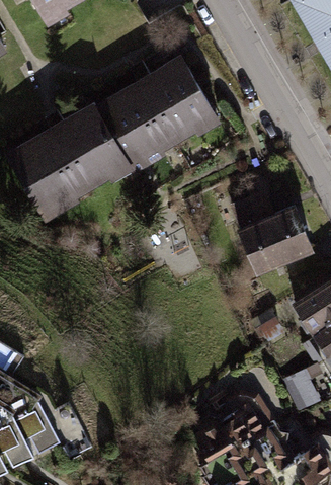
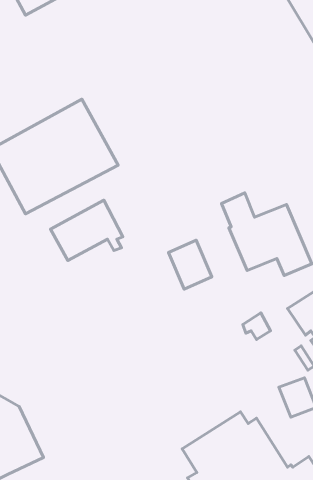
building: [99,58,221,167] -> none
building: none -> [51,200,123,261]
building: none -> [169,240,212,289]

